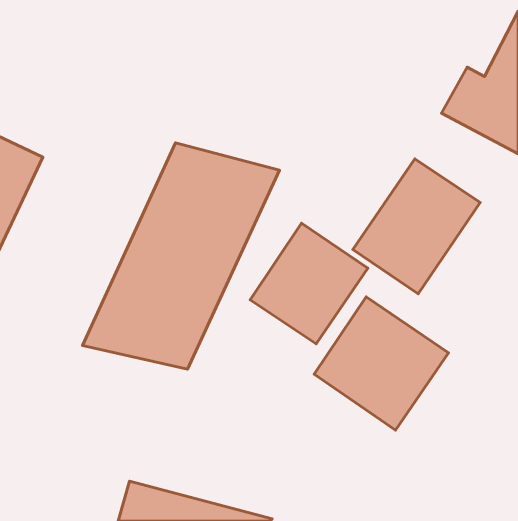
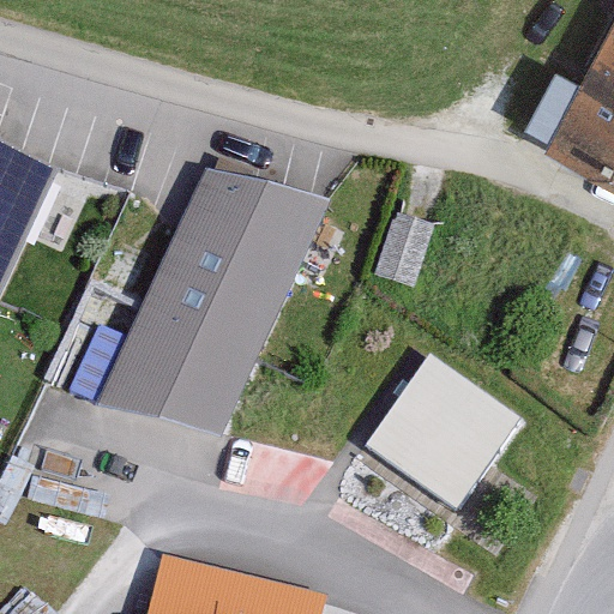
building: [353,159,480,294] -> none
building: [250,223,368,344] -> none

